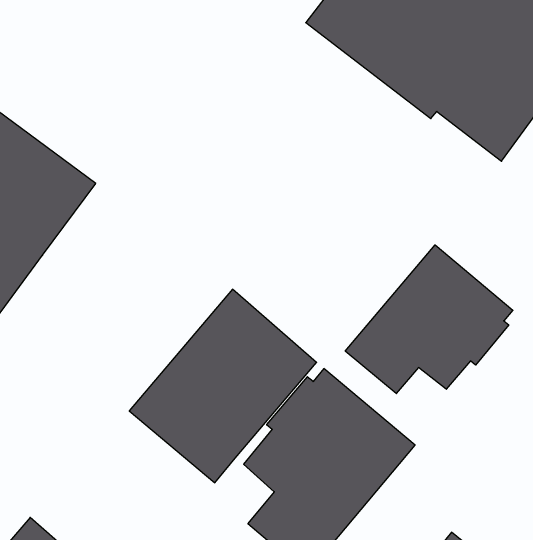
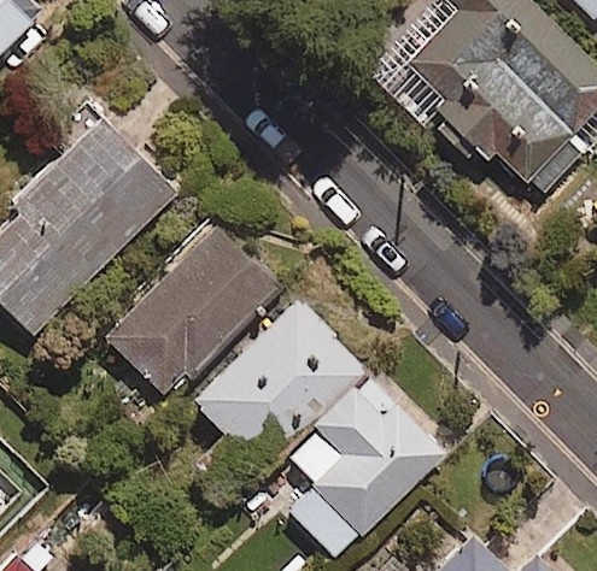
building: none -> [103,223,281,399]
building: [345,245,513,394] -> none

